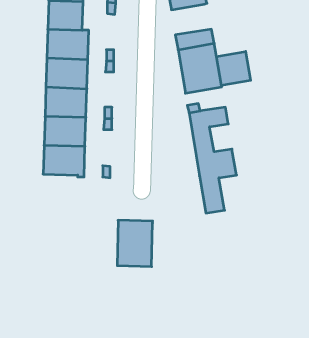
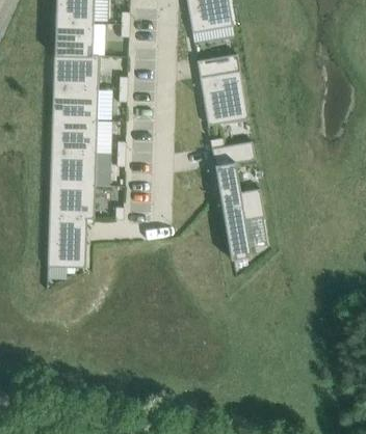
building: [217,51,251,85] -> none
building: [117,220,153,267] -> [48,216,87,268]

